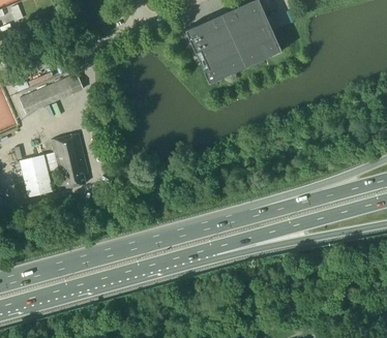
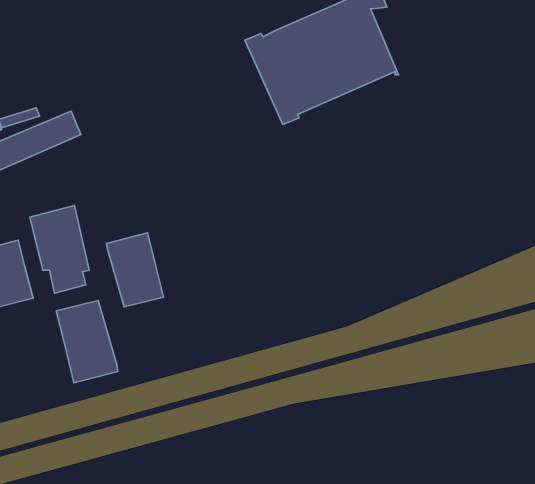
building: none -> [107,233,164,307]
building: none -> [56,300,118,383]

